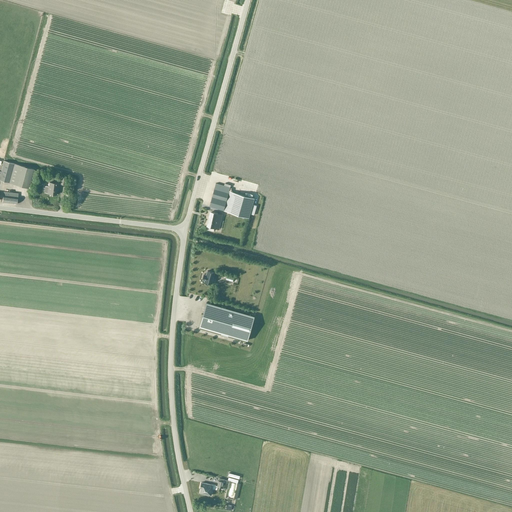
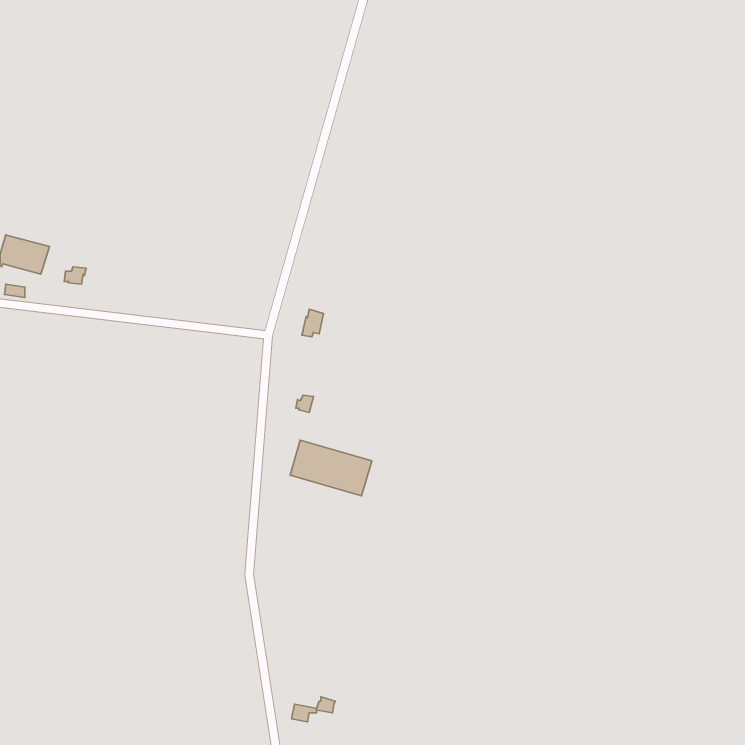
building: [209,190,255,218] -> none

